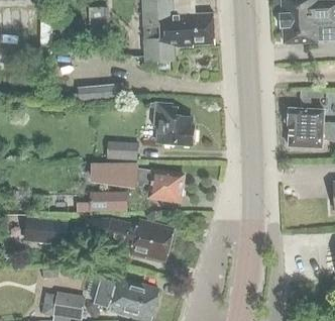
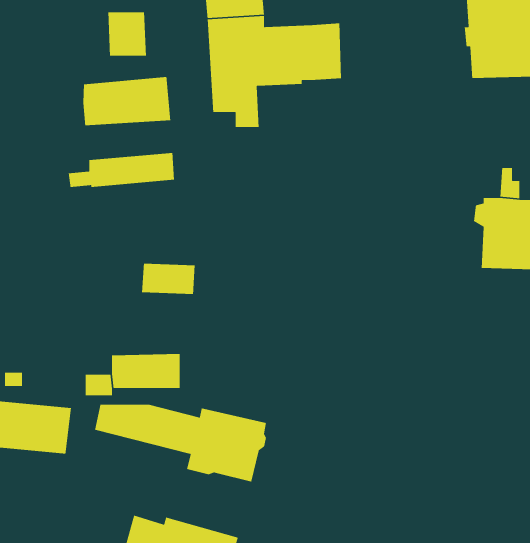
building: none -> [83,76,171,126]
building: [150,103,196,144] -> none
building: [91,163,183,201] -> none

